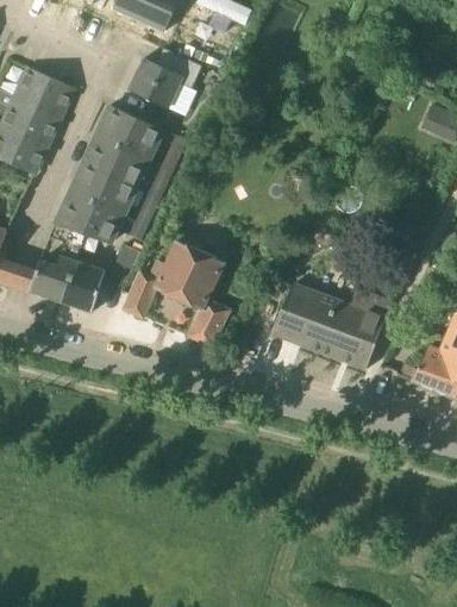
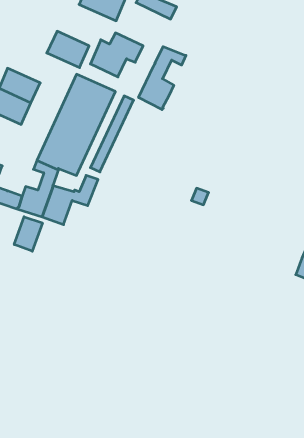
building: none -> [139,47,186,110]
building: [14,67,73,117] -> [47,31,89,68]
building: [123,242,228,348] -> none
building: [270,279,386,368] -> none
building: none -> [14,217,42,251]

